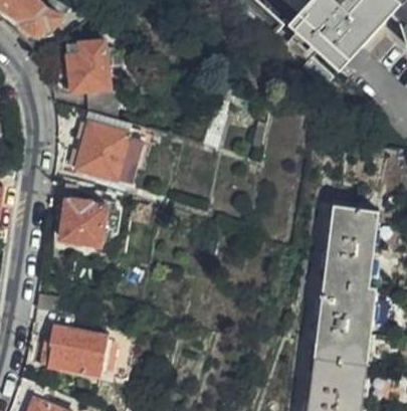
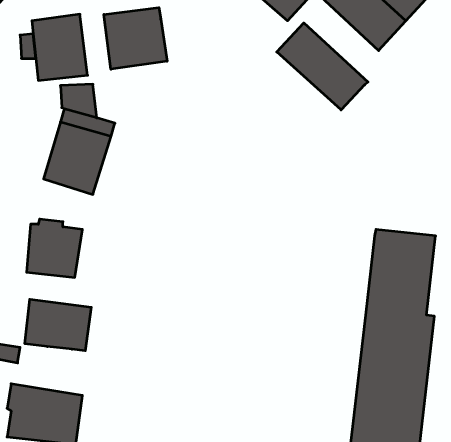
building: none -> [104,8,167,69]
building: none -> [277,23,368,110]
building: none -> [25,299,91,351]

